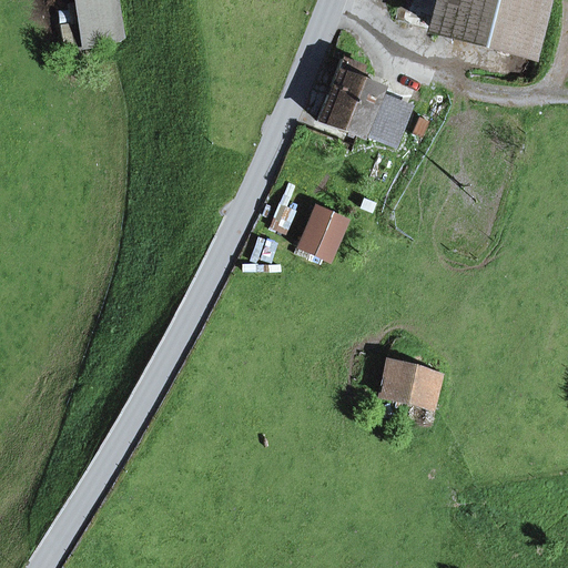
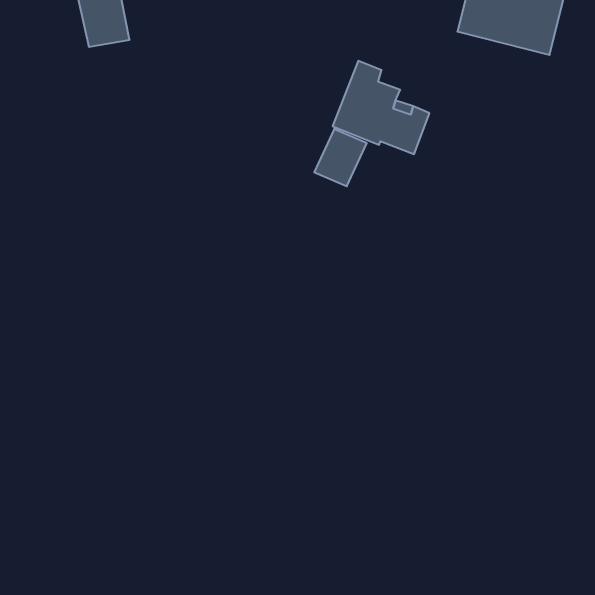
building: [297,206,347,261] -> [314,129,367,186]
building: [379,358,442,423] -> none

